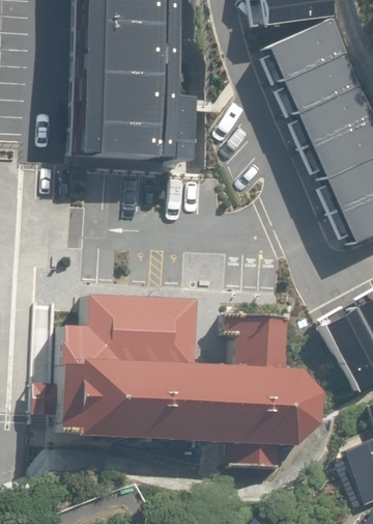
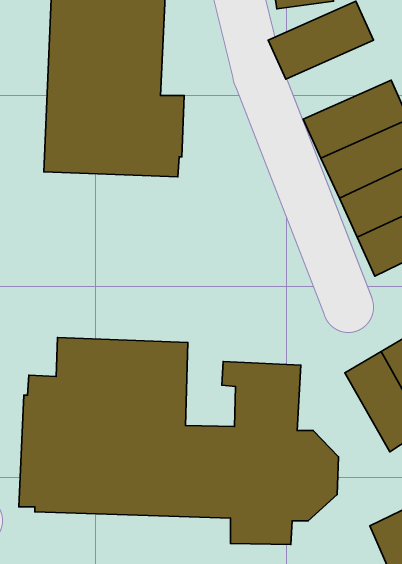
building: [274,49,361,114] -> none

